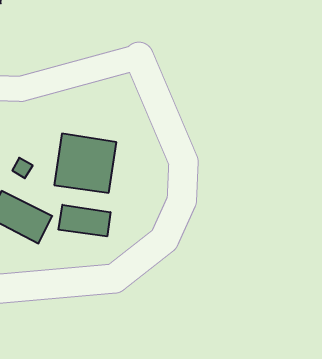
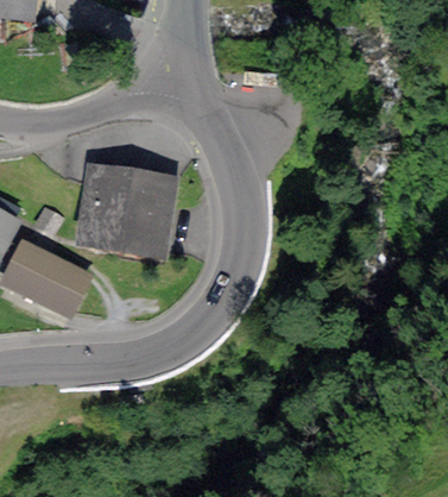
building: [59,205,110,236] -> none

